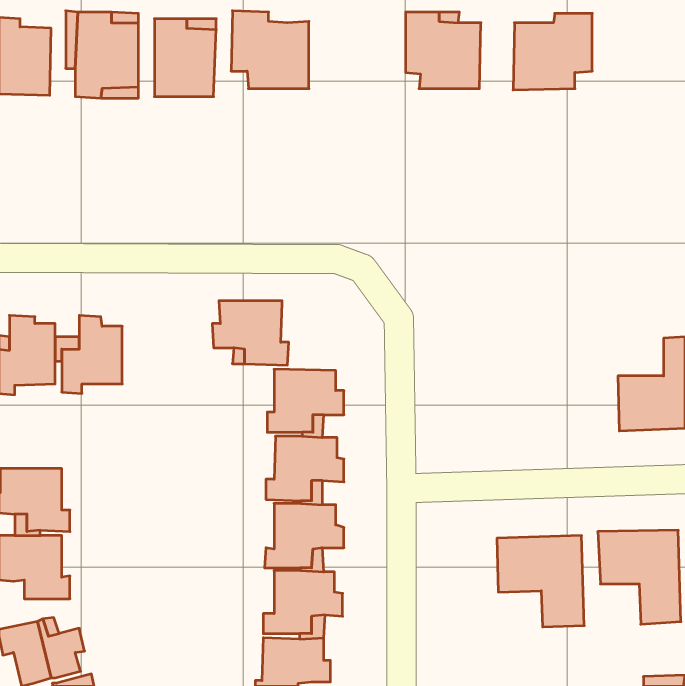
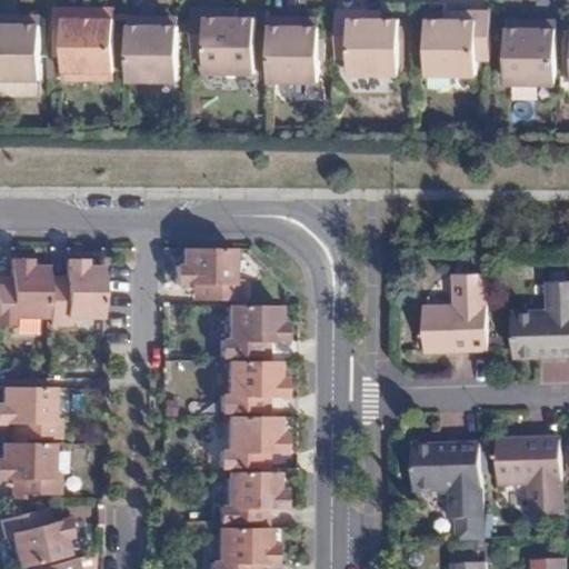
building: none -> [269,16,320,81]
building: none -> [503,20,557,82]
building: none -> [423,271,489,350]

